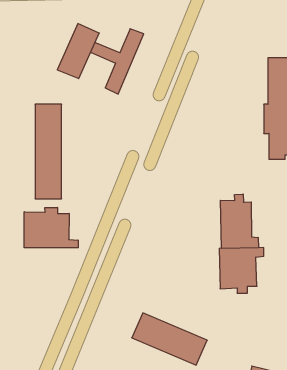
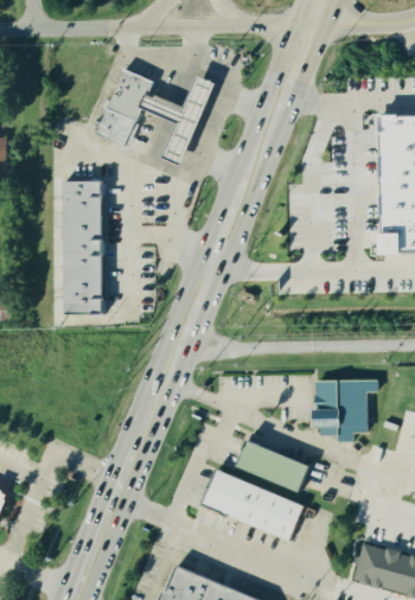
building: [221,194,258,248] -> none
building: [24,207,78,248] -> none
building: none -> [237,442,308,491]

